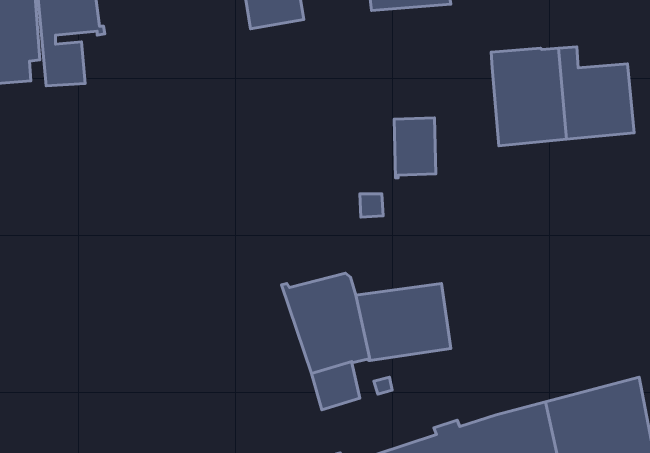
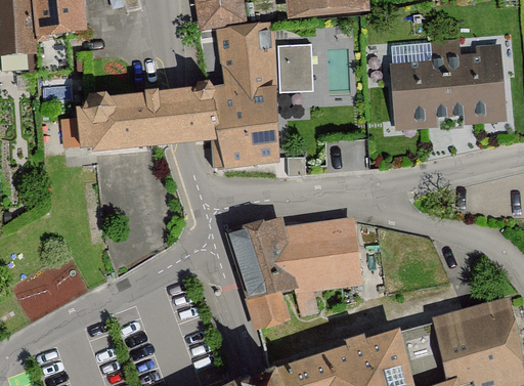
building: none -> [62,23,277,168]
building: [394,118,436,178] -> [278,45,311,92]

